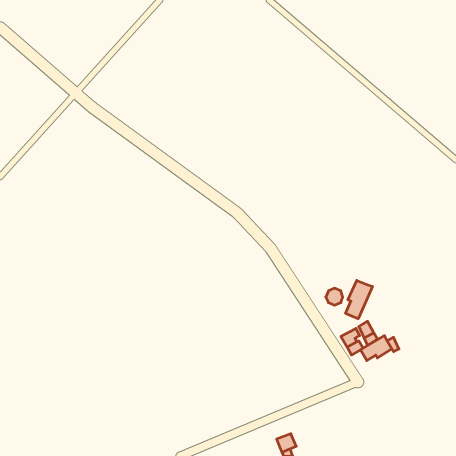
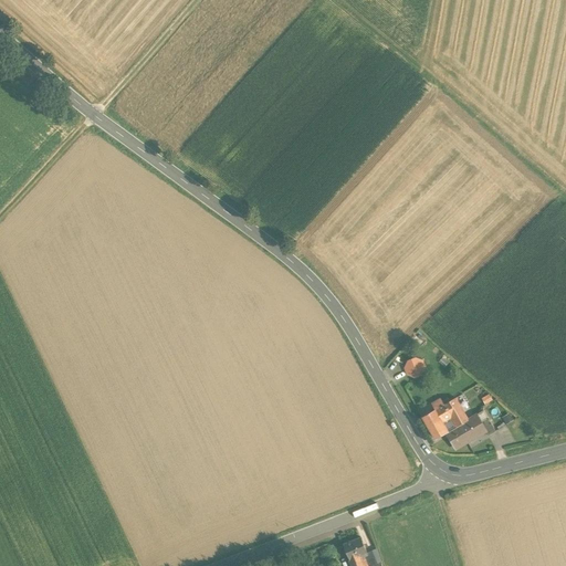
building: [346,280,372,319] -> none

